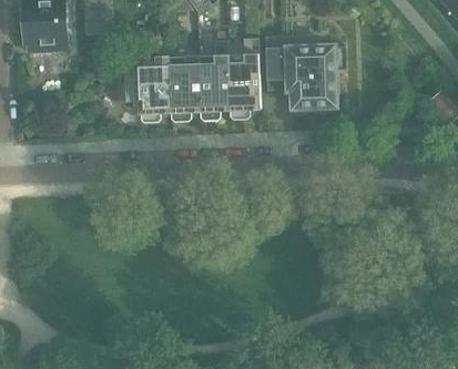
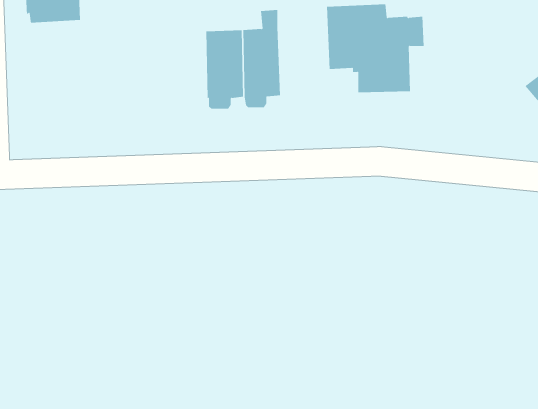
building: [230,41,262,121] -> none
building: [120,60,172,124] -> none

